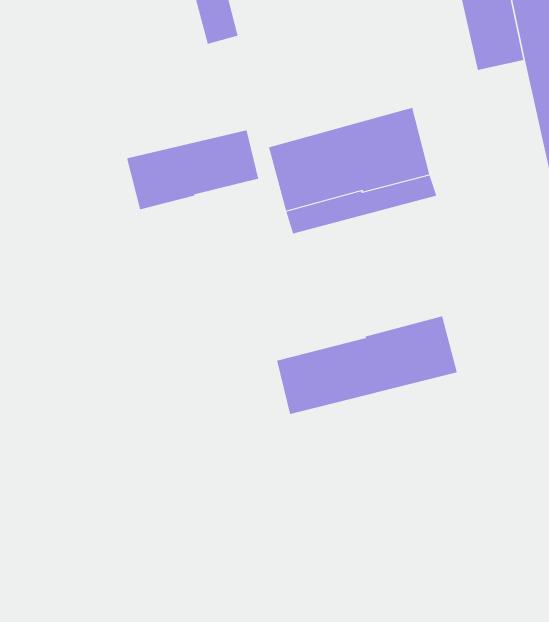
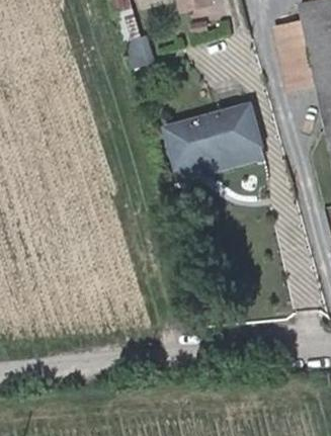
building: [126,129,259,210] -> none
building: [276,316,458,415] -> none

